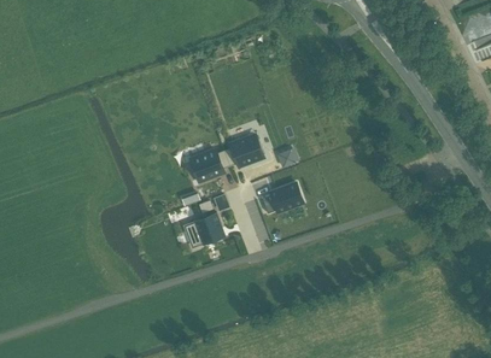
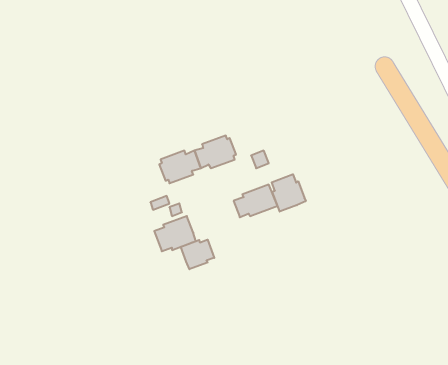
building: none -> [272,174,306,212]
building: none -> [181,240,214,269]

